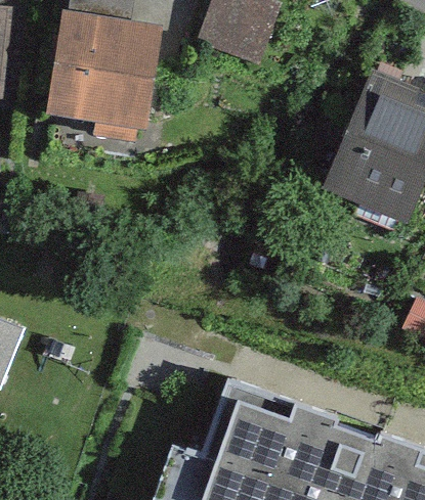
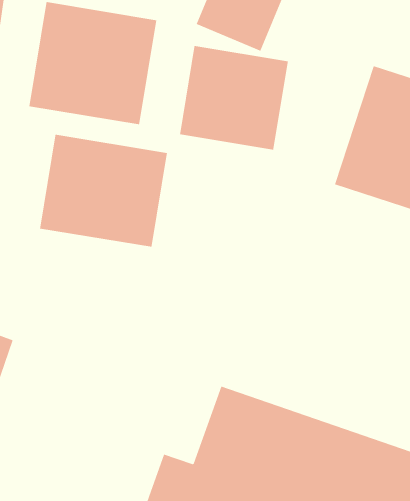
building: none -> [179,45,288,150]
building: none -> [40,134,168,248]

